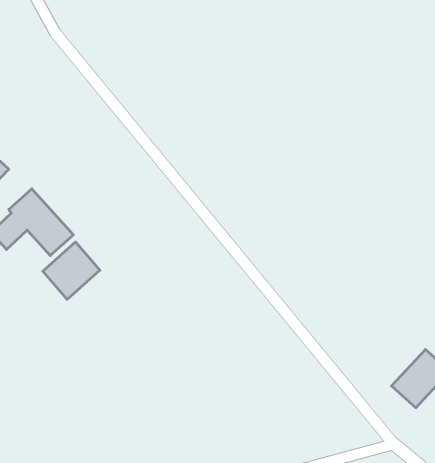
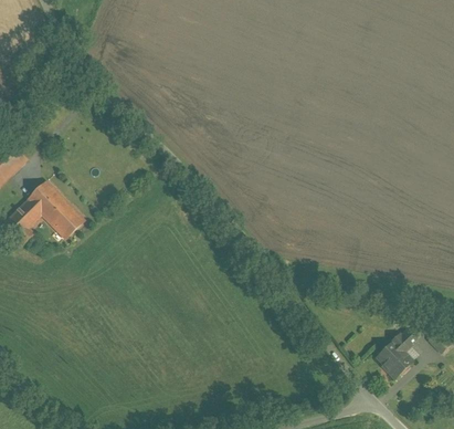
building: [43,242,100,299] -> none

